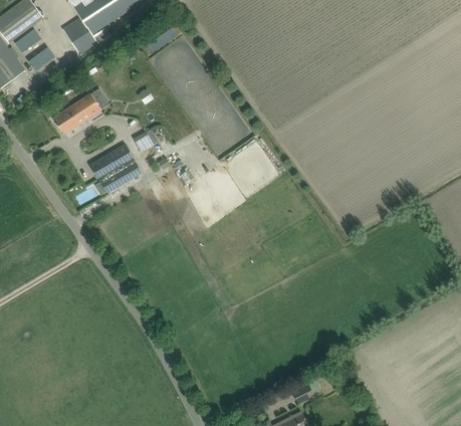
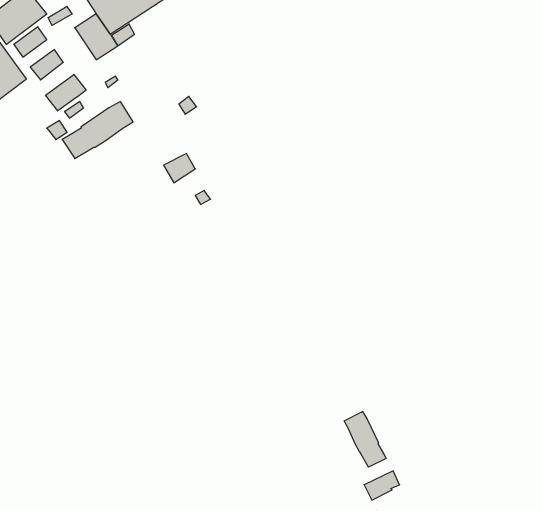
building: none -> [46,74,86,111]
building: [90,144,141,190] -> none
building: none -> [344,411,386,467]

